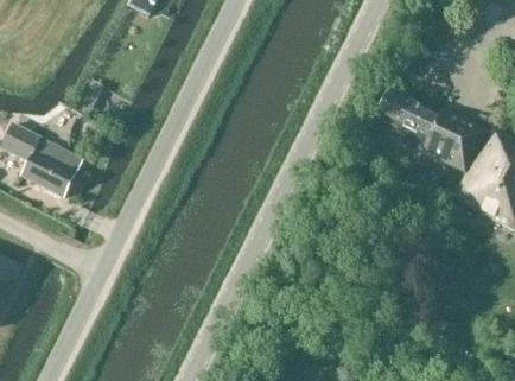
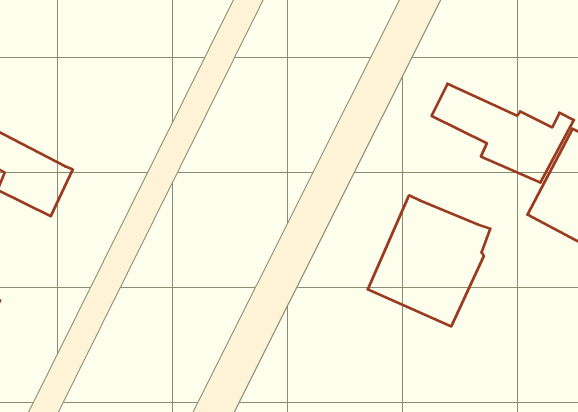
building: none -> [368,195,490,326]

